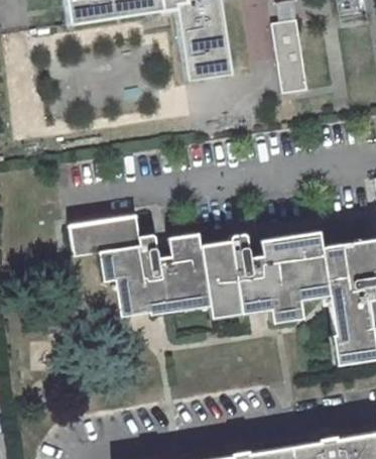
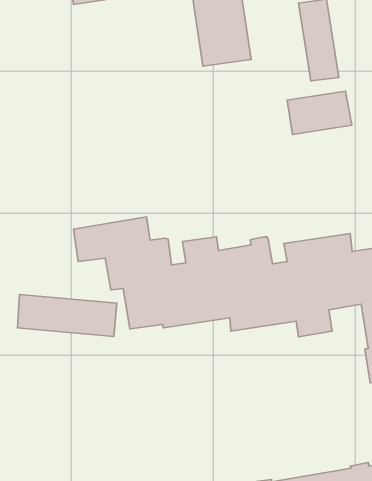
building: none -> [287,91,352,134]
building: none -> [18,294,117,337]

